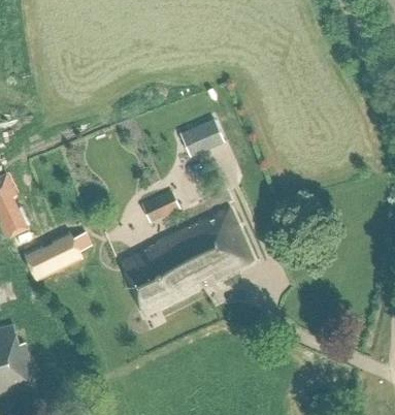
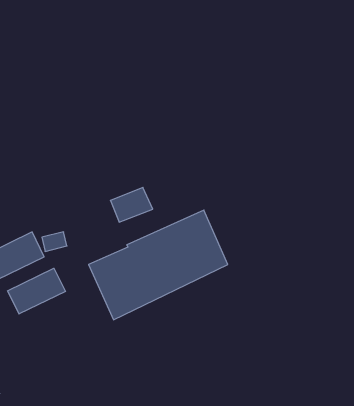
building: [182,122,223,153] -> none
building: none -> [8,268,65,314]

